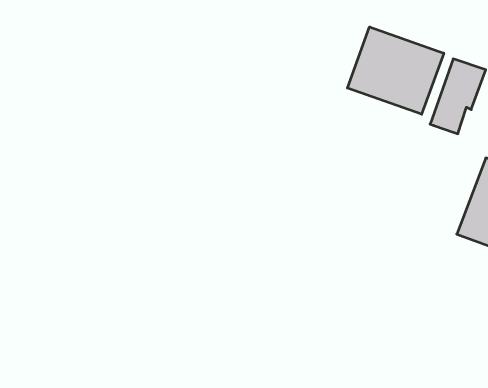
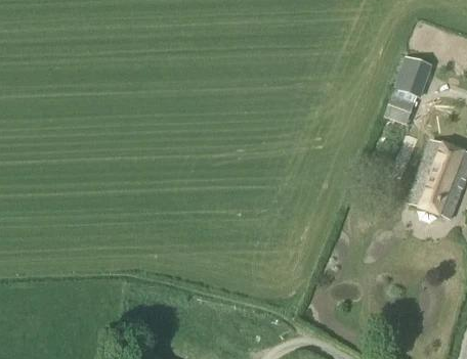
building: [347,27,444,114] -> none

